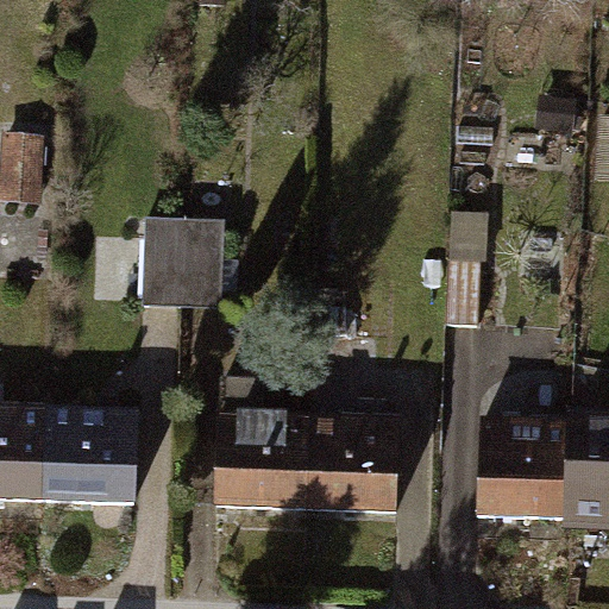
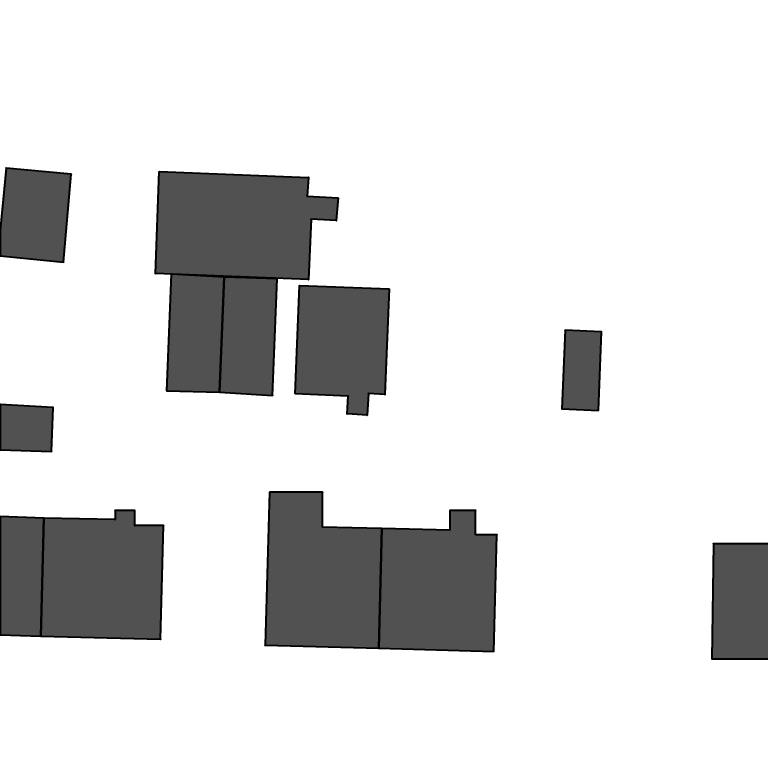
building: none -> [155,172,338,280]
building: none -> [295,286,389,415]
building: [473,425,565,517] -> none

